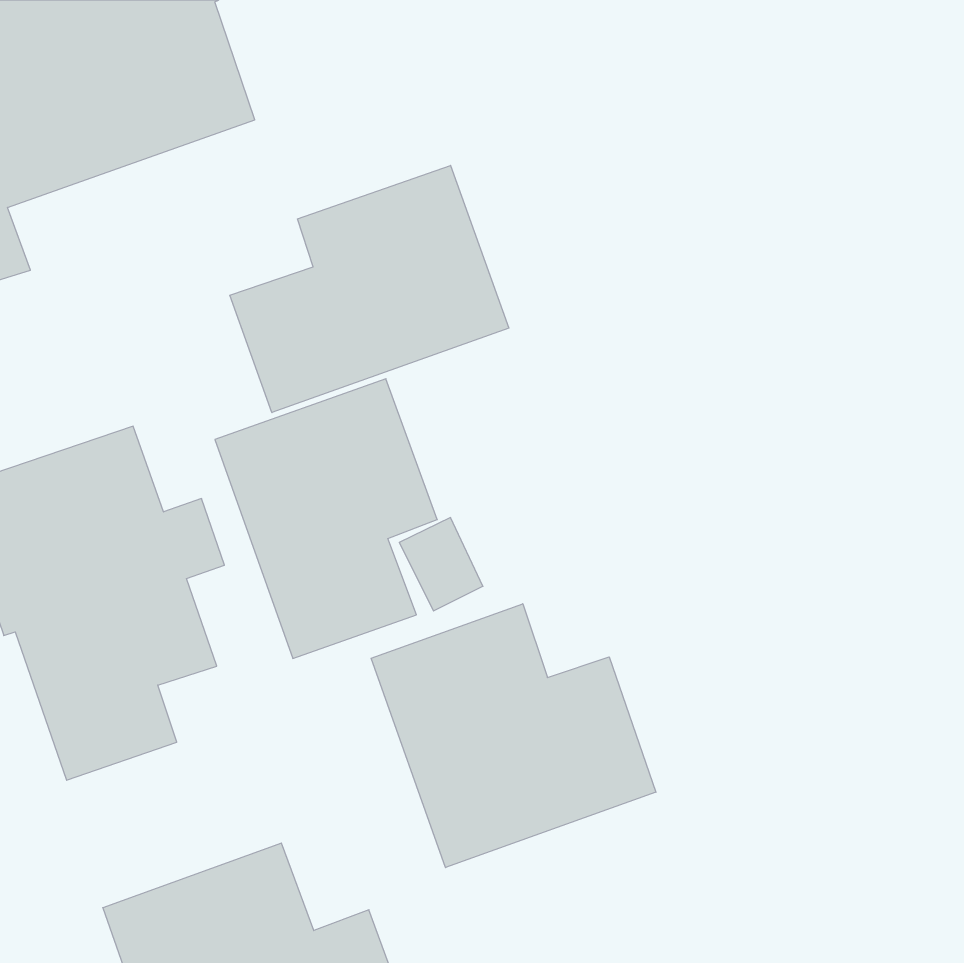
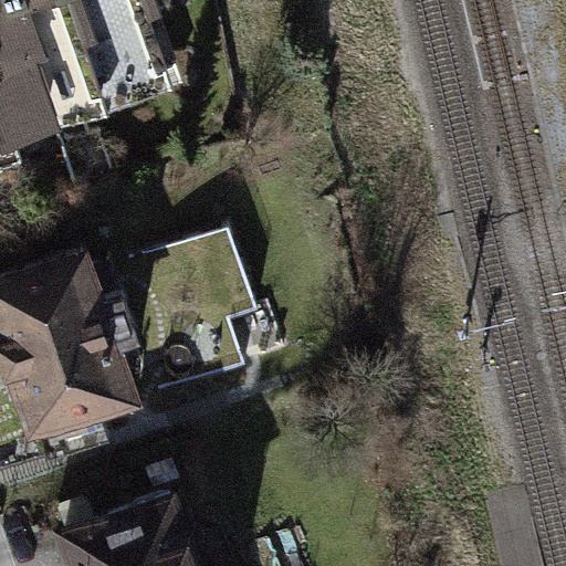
building: [230,165,509,413] -> none
building: [371,604,656,868] -> none

